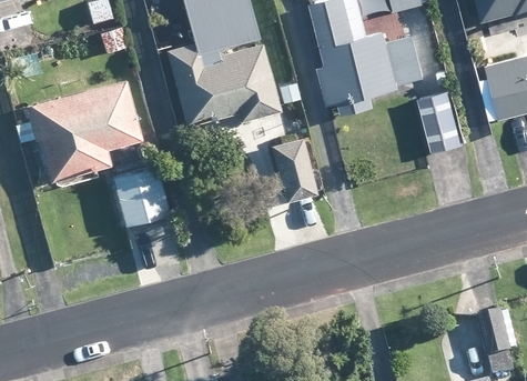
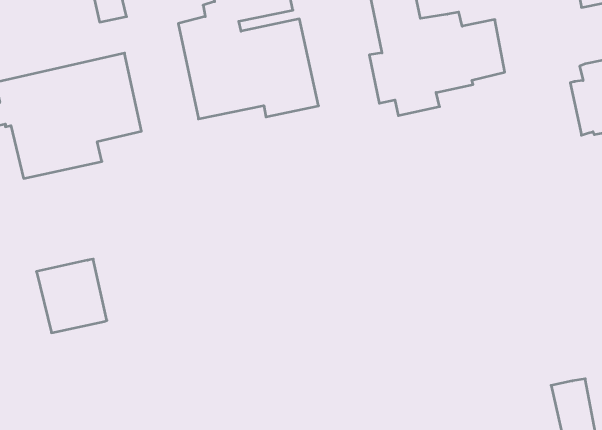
building: [417,91,463,152] -> none
building: [268,139,314,203] -> none
building: [110,167,168,227] -> [36,259,107,333]

